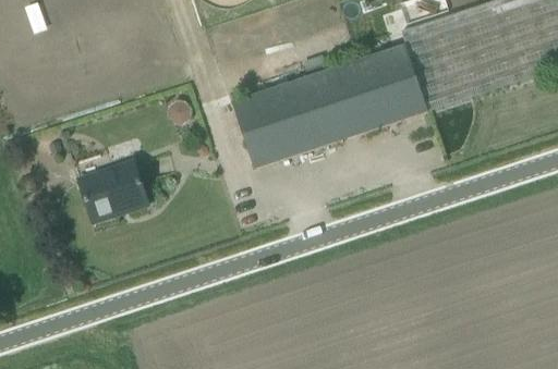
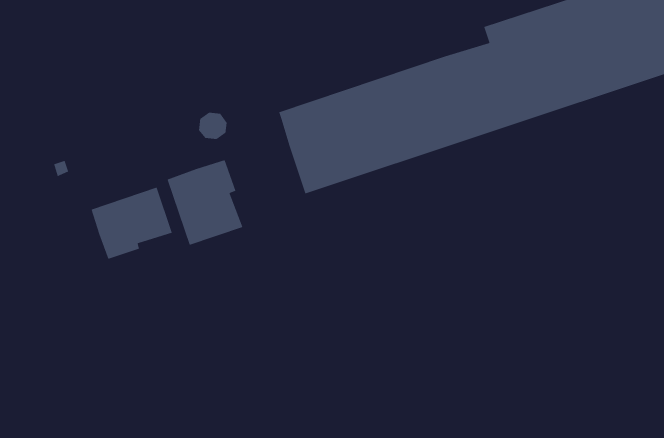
building: none -> [166,159,243,246]

